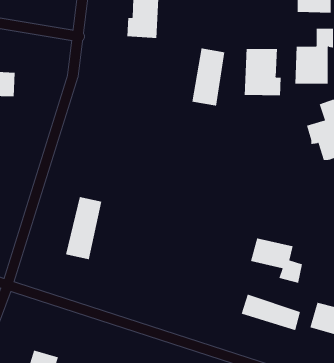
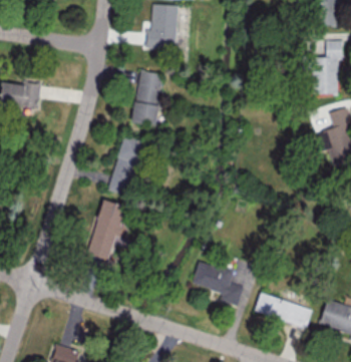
building: [191,48,225,106] -> [130,70,162,125]
building: [244,48,281,96] -> none
building: none -> [107,135,143,196]
building: [250,238,303,283] -> [192,262,242,305]

